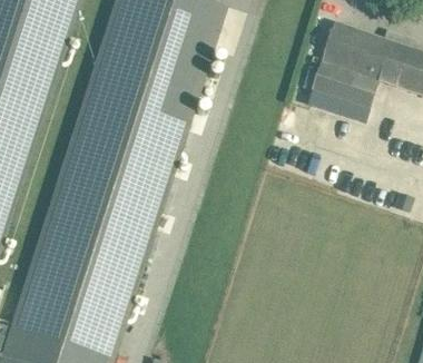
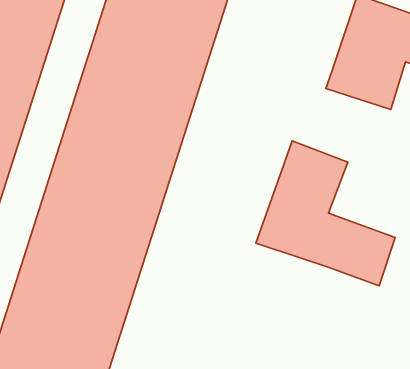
building: none -> [256,141,395,286]

